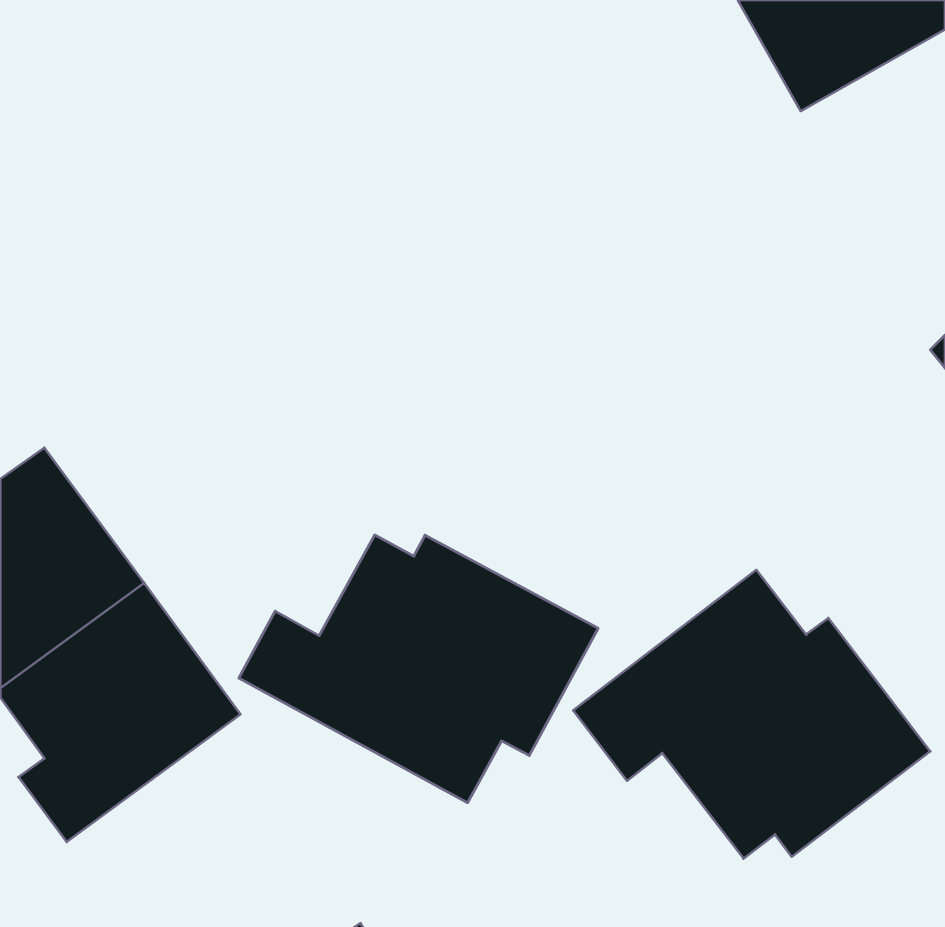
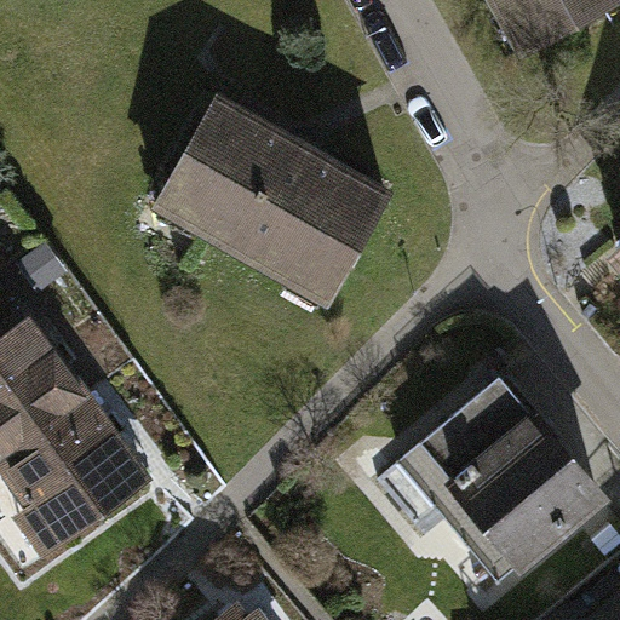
building: none -> [148,94,386,308]
building: [239,535,598,803] -> none

